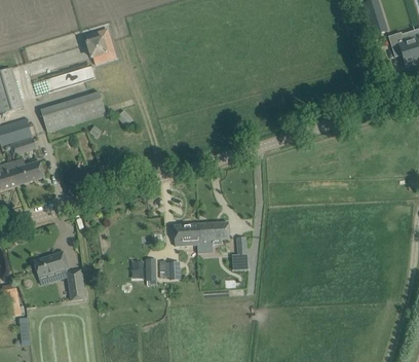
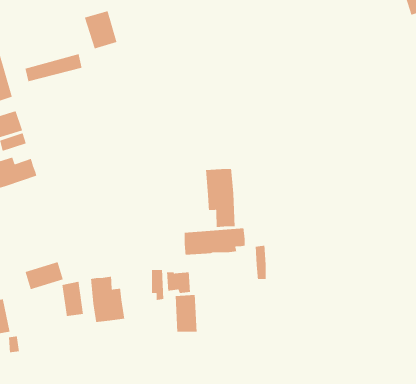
building: [40,92,105,131] -> none
building: none -> [205,168,235,228]
building: none -> [90,276,125,323]
building: none -> [175,294,198,332]

